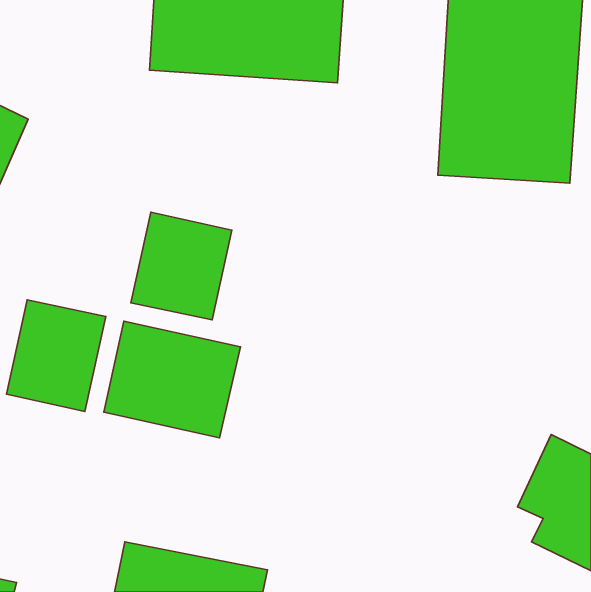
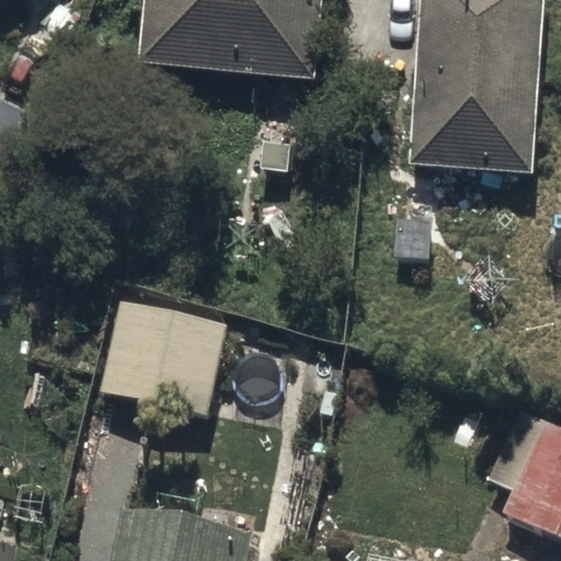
building: [131,212,232,320] -> none
building: [7,300,106,411] -> none

